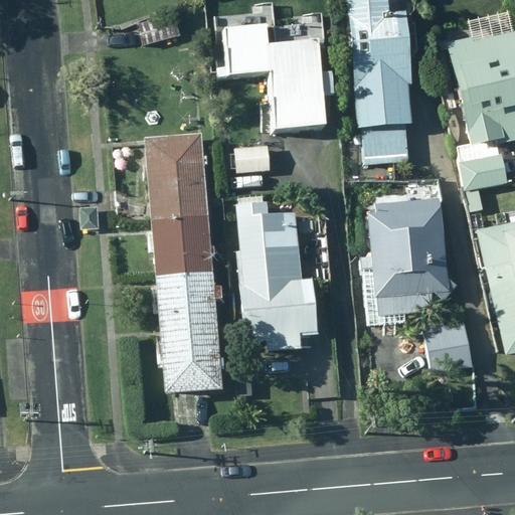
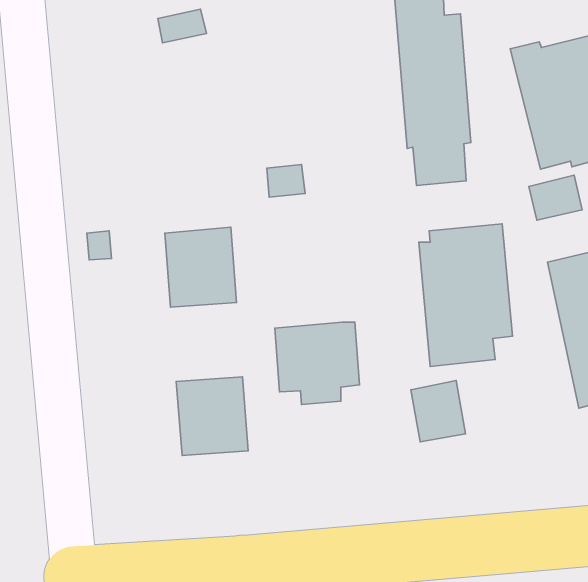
building: [222,22,325,132] -> none
building: [142,133,204,202] -> none
building: [236,201,301,285] -> none
building: [152,263,214,331] -> none
building: [425,319,473,372] -> [411,380,465,442]

